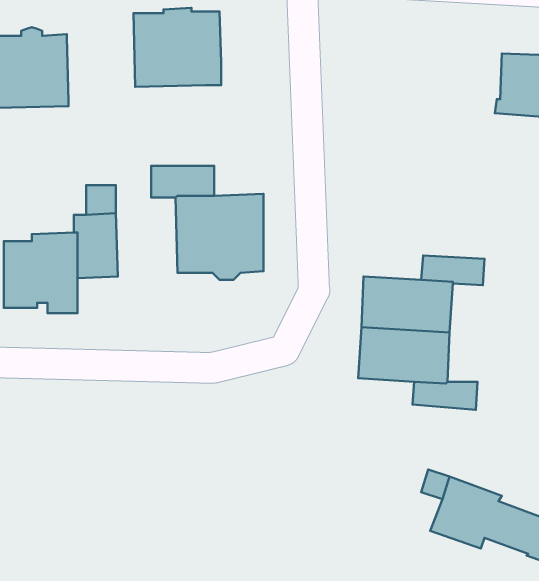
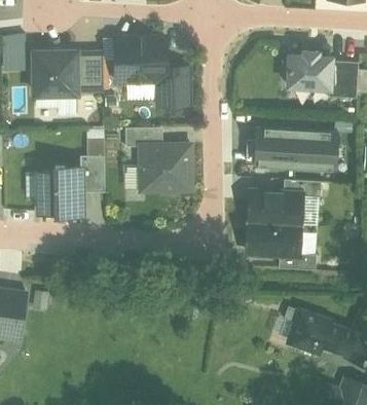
building: none -> [287,51,331,88]
building: none -> [76,52,104,89]
building: none -> [157,67,190,104]
building: none -> [258,128,332,169]

